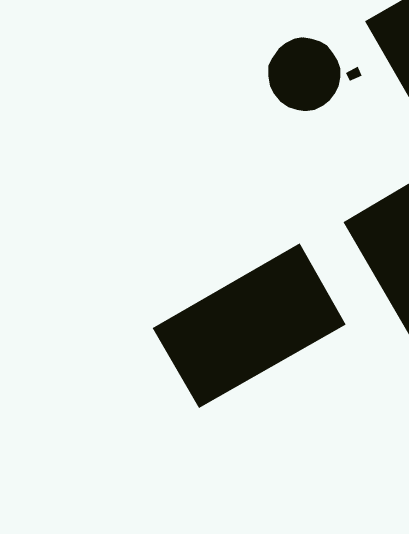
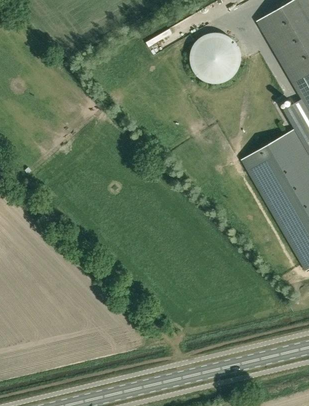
building: [152,242,346,409] -> none

